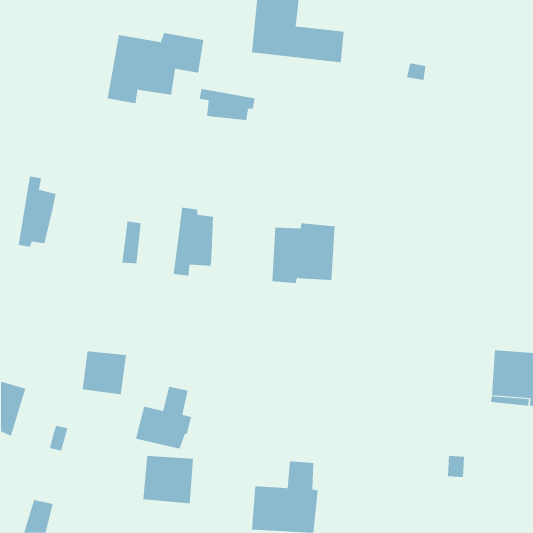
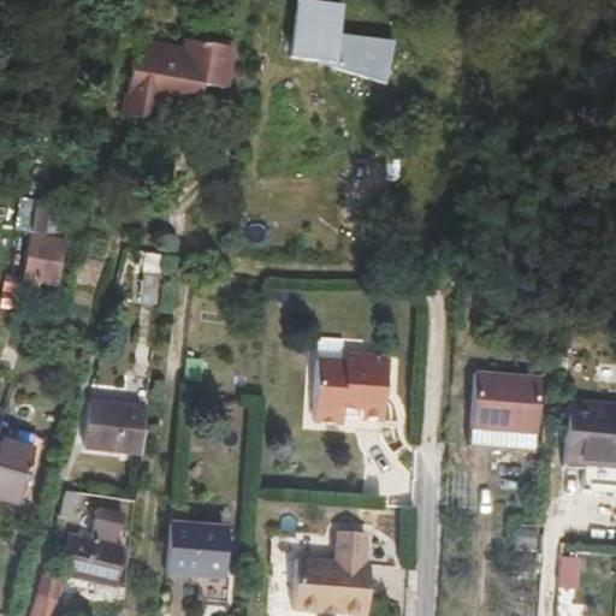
building: [199,88,255,121] -> none
building: [173,207,213,277] -> none
building: [271,223,335,284] -> [314,351,387,421]
building: none -> [472,371,543,449]
building: [135,386,192,449] -> [63,511,128,584]

